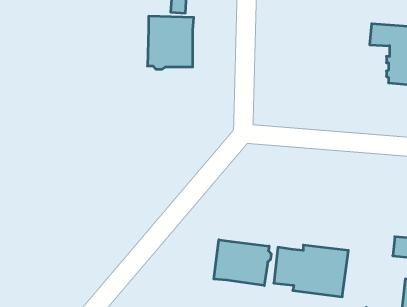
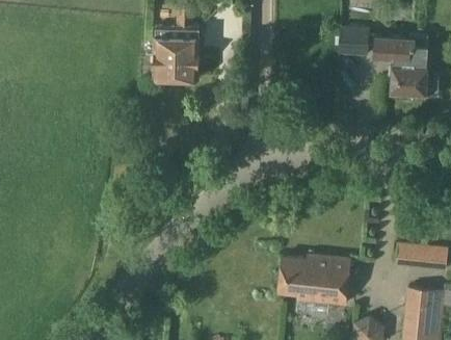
building: none -> [339,26,370,56]
building: [214,240,271,286] -> none

